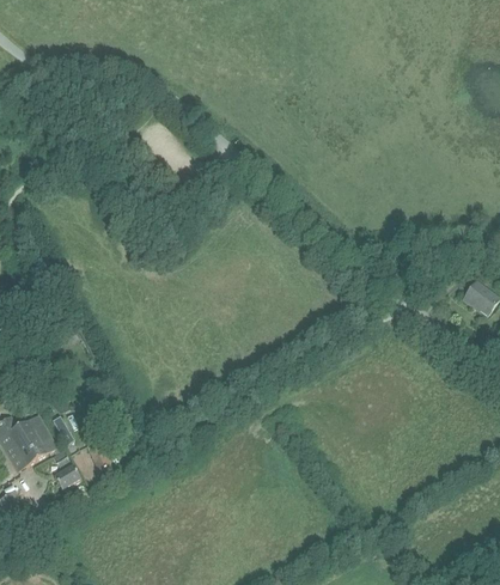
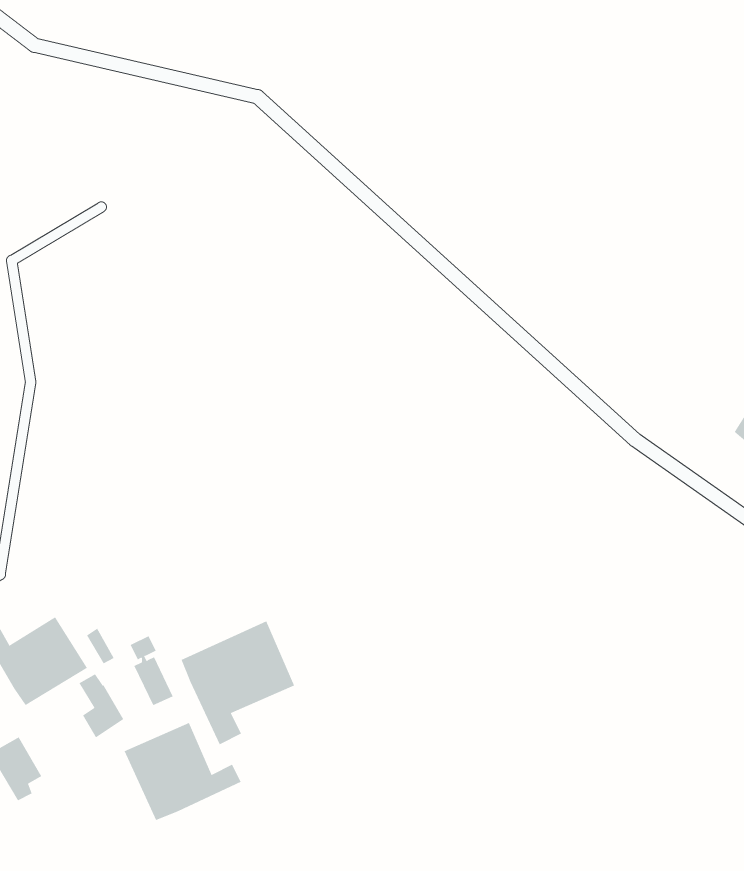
building: none -> [181,620,295,745]
building: none -> [124,722,242,821]

